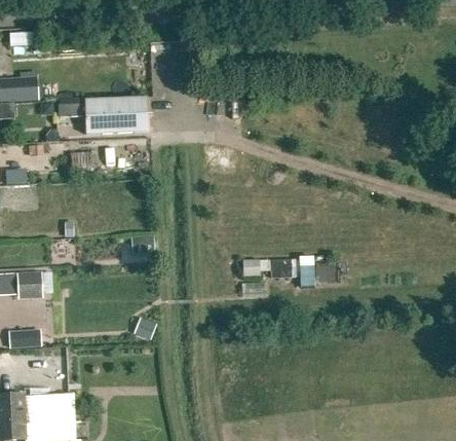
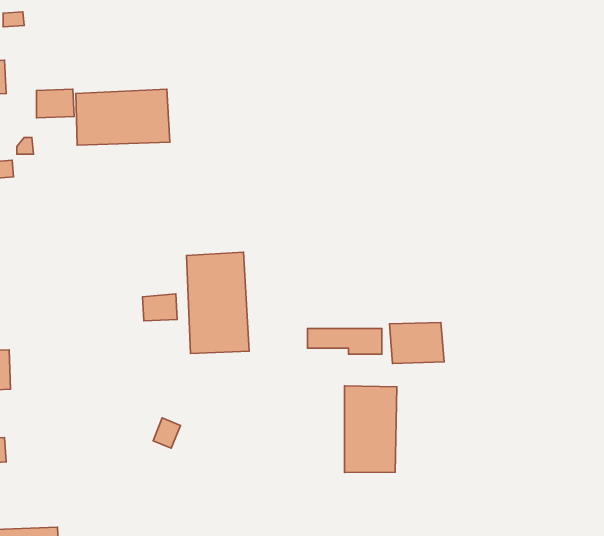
building: none -> [187,252,249,353]
building: none -> [344,386,397,472]

